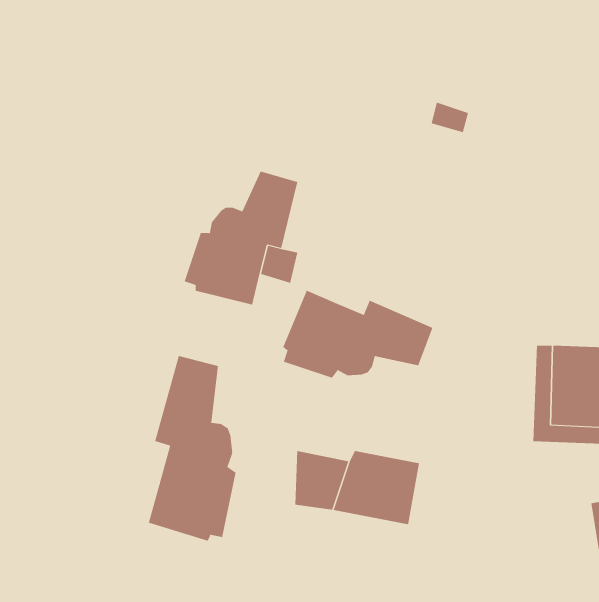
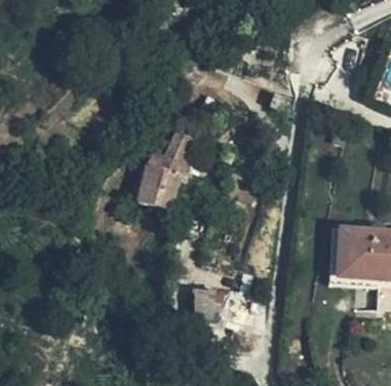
building: [283,290,433,378] -> none
building: [148,355,236,542] -> none

